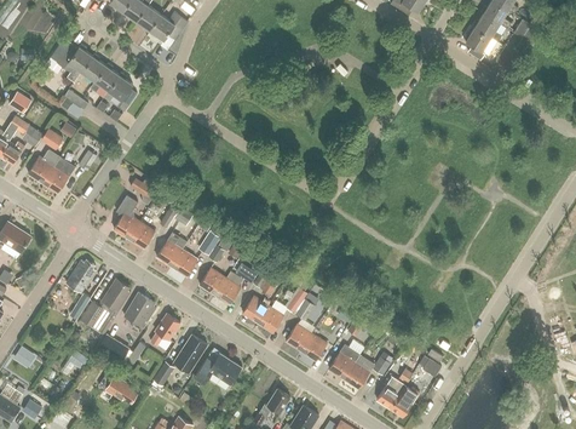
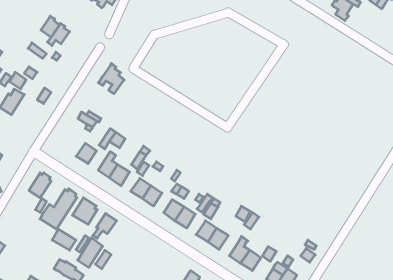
building: [57,44,92,82] -> none
building: [103,71,137,111] -> [98,63,124,94]
building: [42,156,74,193] -> none
building: [113,194,139,238] -> none
building: [173,333,206,372] -> [78,238,103,267]
building: [195,353,241,384] -> none

